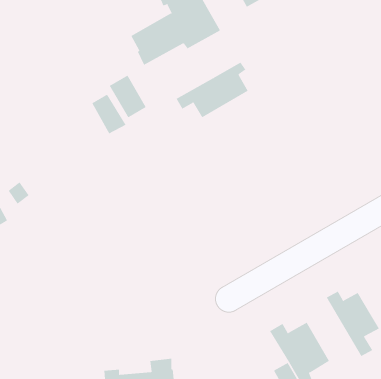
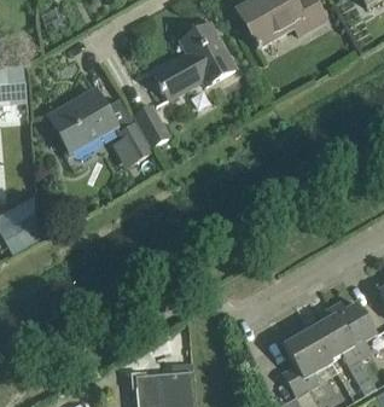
building: none -> [52,87,117,152]
building: [176,62,249,118] -> none
building: none -> [313,306,361,365]

